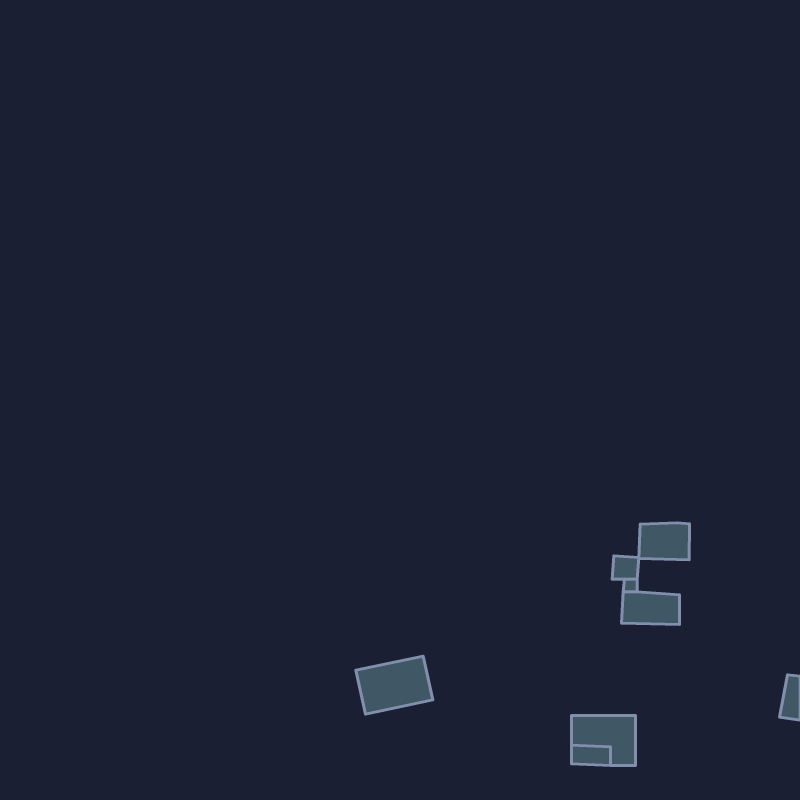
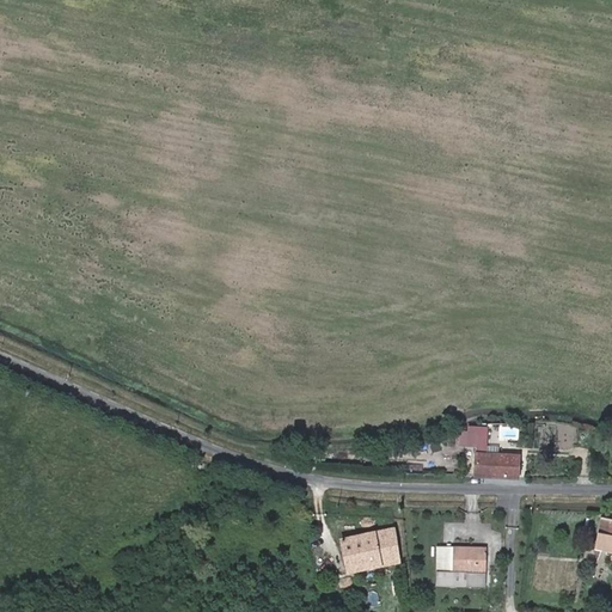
building: [639,523,689,560] -> none
building: [356,656,433,714] -> [342,527,400,571]

